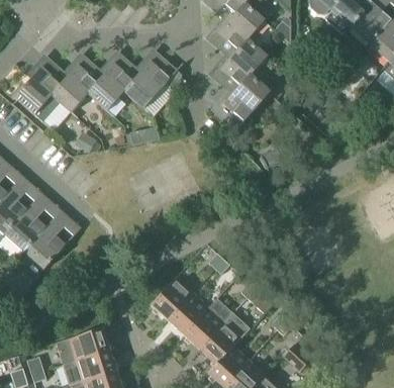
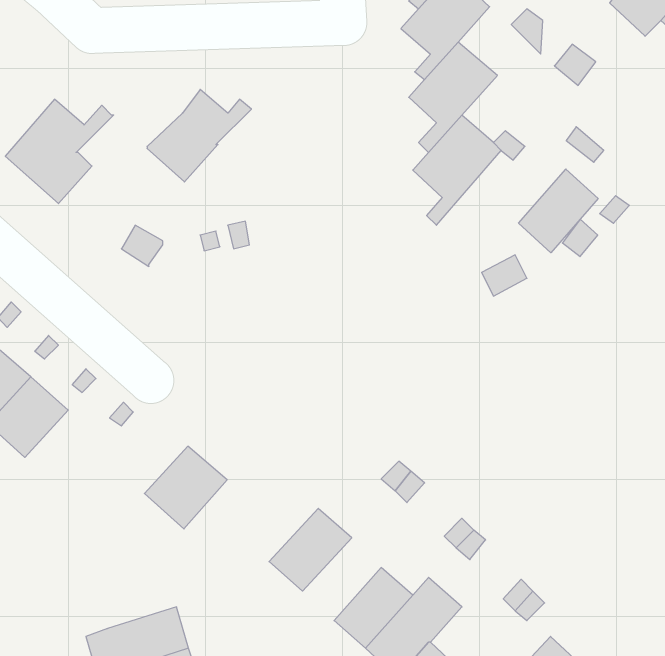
building: [123,61,182,108] -> none
building: [52,65,106,111] -> none
building: none -> [519,169,598,253]
building: [25,226,68,269] -> [144,446,227,529]
building: [168,292,208,334] -> none

